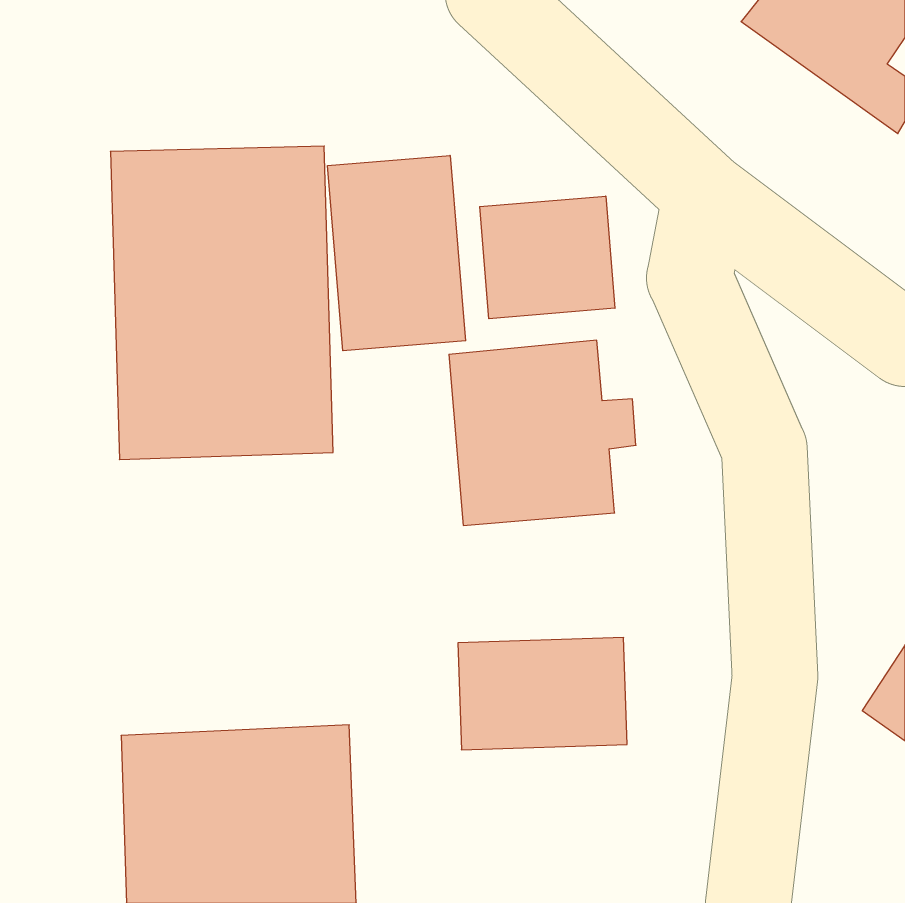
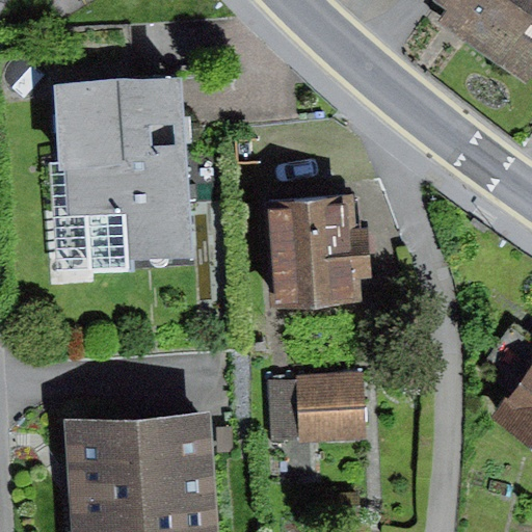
building: [328,155,466,351] -> none
building: [480,196,615,319] -> none

